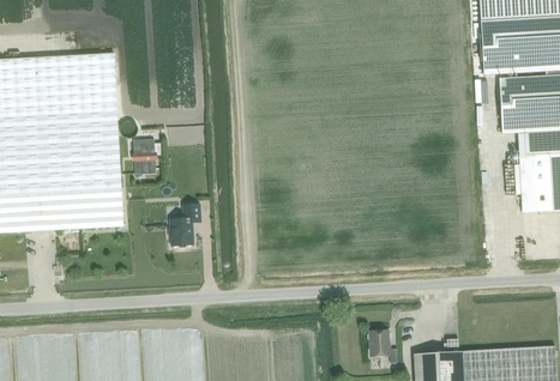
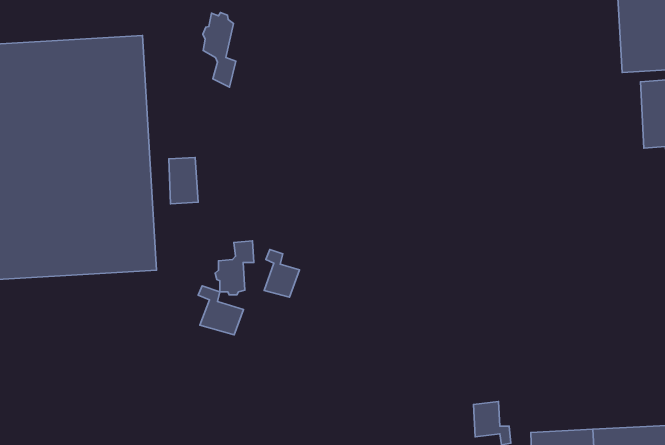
building: none -> [203,13,236,87]
building: none -> [264,249,299,297]
building: none -> [198,286,244,335]

